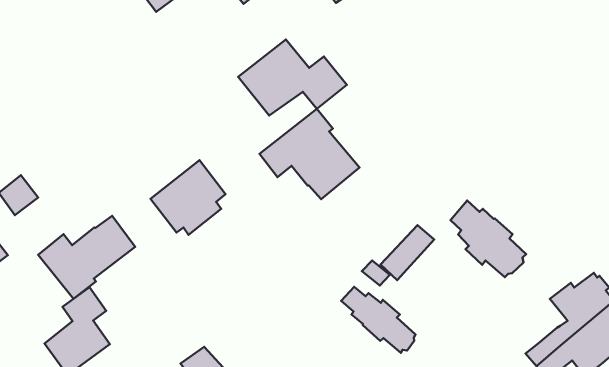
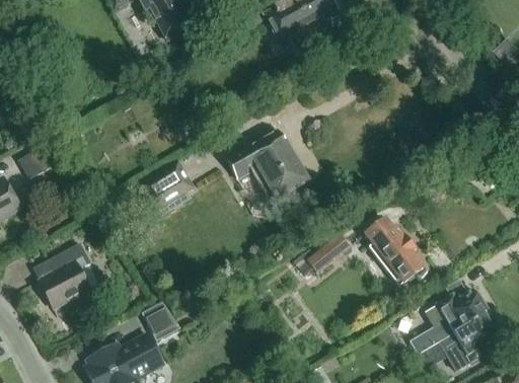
building: [238,39,347,116] -> none
building: [38,216,135,299] -> none
building: [341,287,416,353] -> none

